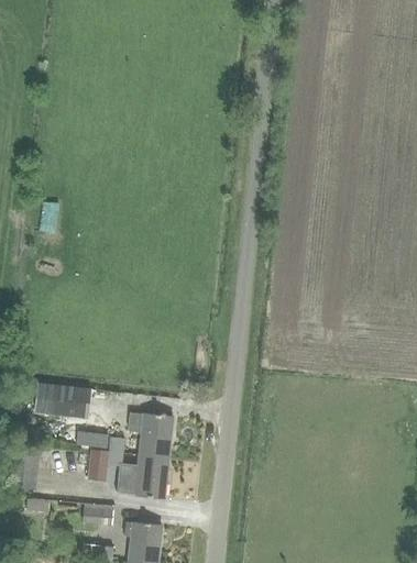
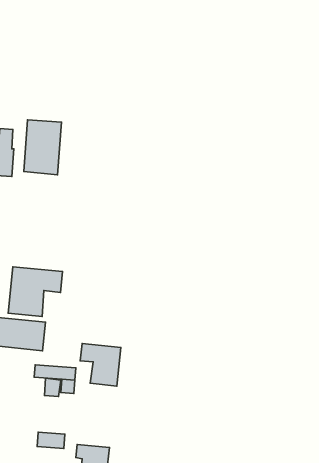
building: none -> [24,120,61,175]
building: none -> [8,267,62,316]
building: [134,454,167,498] -> none

